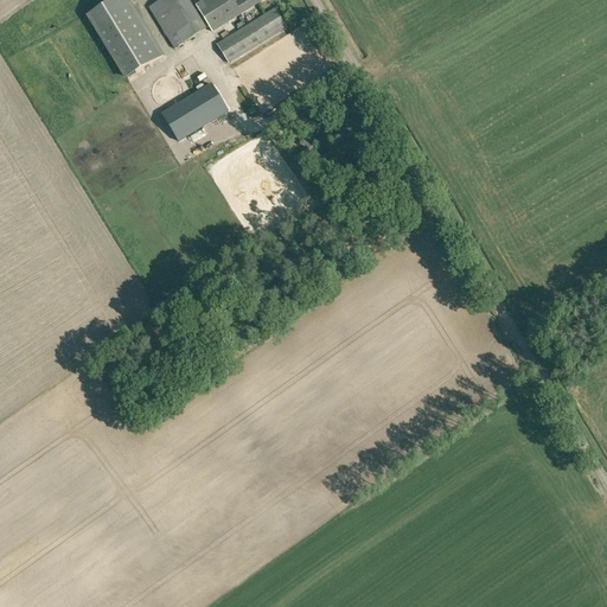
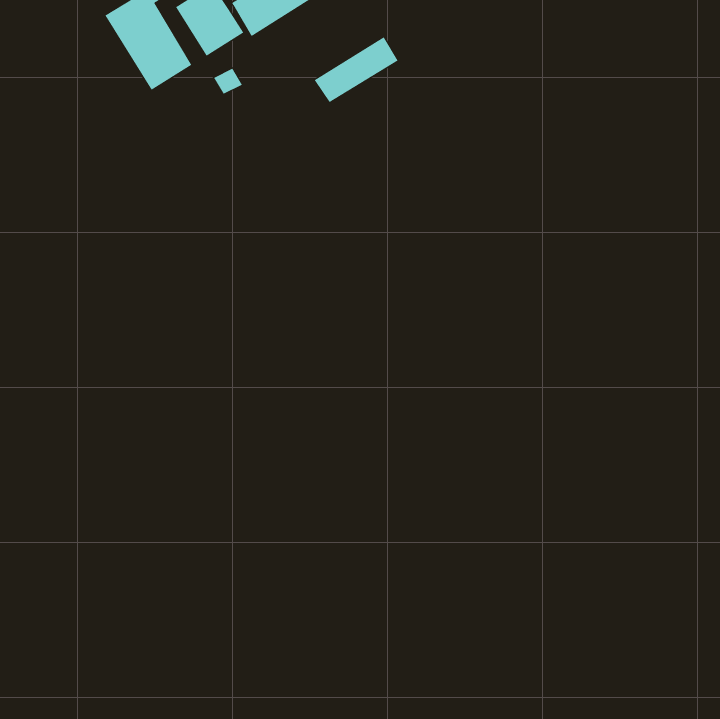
building: [215,6,286,62] -> [314,36,398,103]
building: [160,82,226,139] -> none

